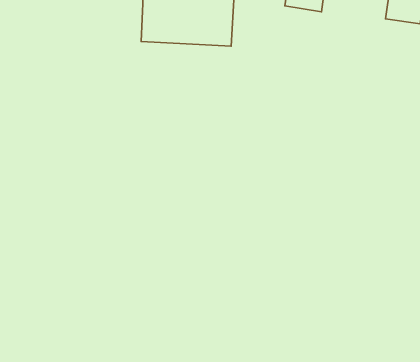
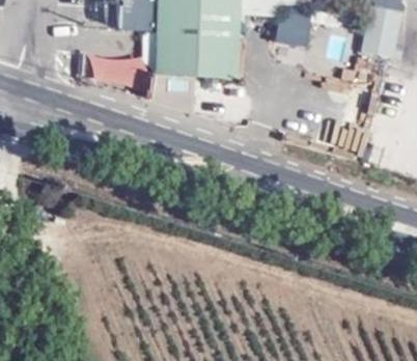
building: none -> [92,53,146,83]

